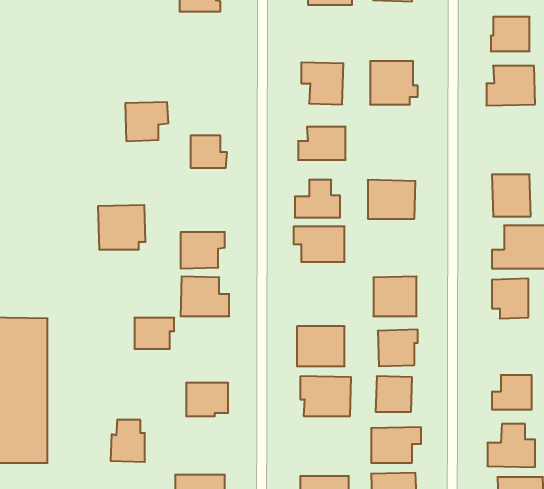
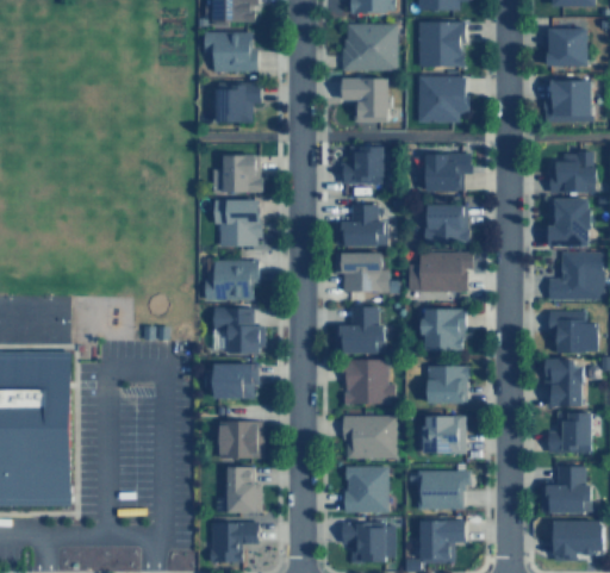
building: none -> [340,23,398,71]
building: none -> [416,23,463,67]
building: none -> [212,30,257,74]
building: [125,102,168,141] -> [217,81,263,123]
building: none -> [550,149,598,192]
building: none -> [423,152,472,192]
building: [98,205,146,249] -> [213,198,264,245]
building: none -> [409,254,471,292]
building: none -> [334,306,392,353]
building: [134,318,174,349] -> [214,363,257,397]
building: none -> [544,360,585,405]
building: [111,420,145,462] -> [224,468,261,513]
building: none -> [343,466,388,512]

